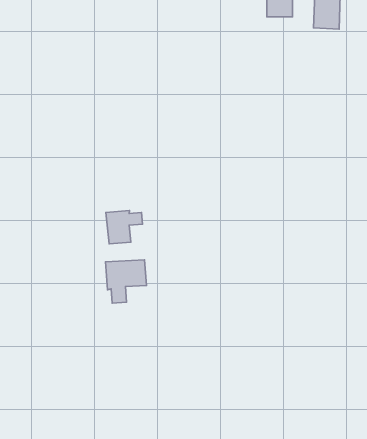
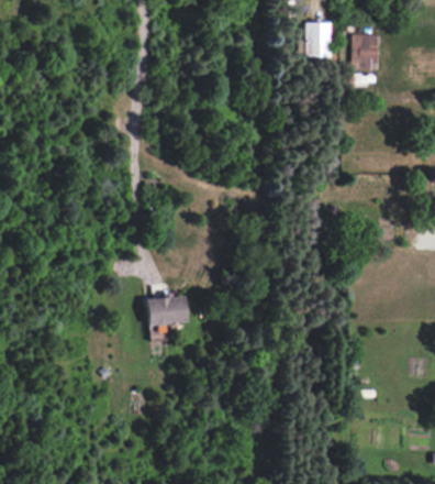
building: [106,211,142,244] -> none

